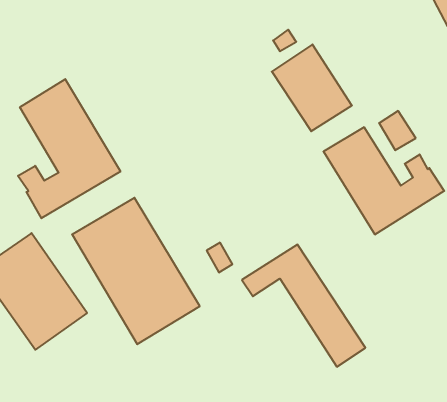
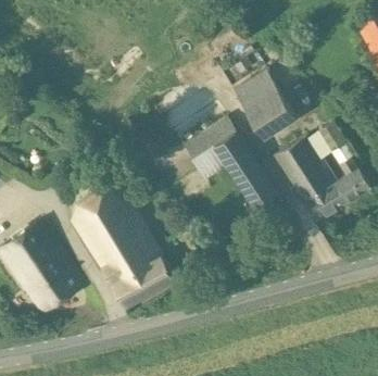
building: [18,79,120,218] -> none
building: [242,245,365,367] -> [181,117,280,215]

